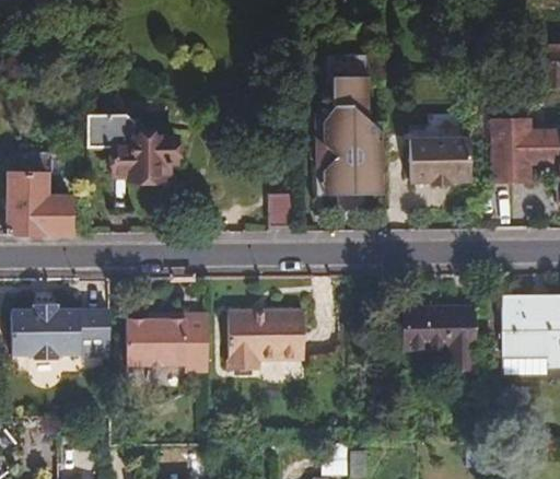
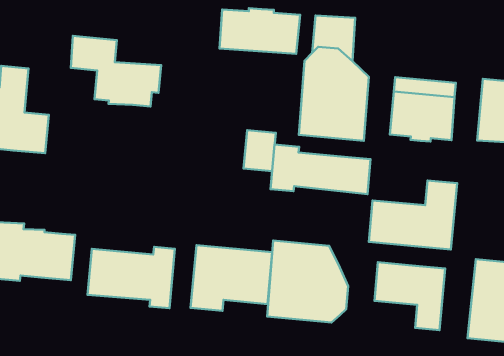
building: none -> [220,8,300,54]
building: none -> [270,144,371,194]
building: none -> [369,181,457,249]
building: none -> [267,240,348,322]

